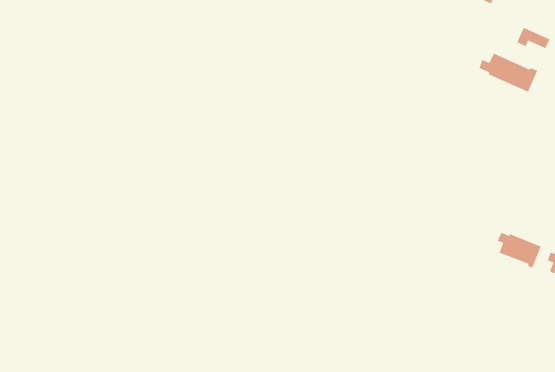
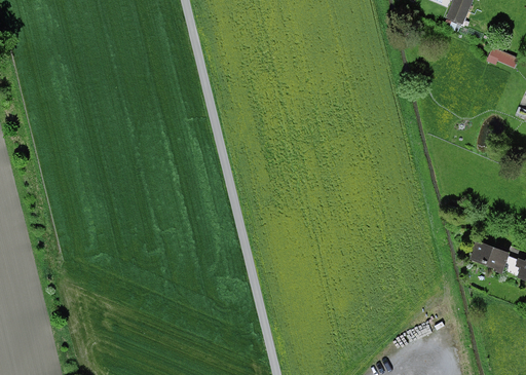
building: [479,53,538,92] -> none

